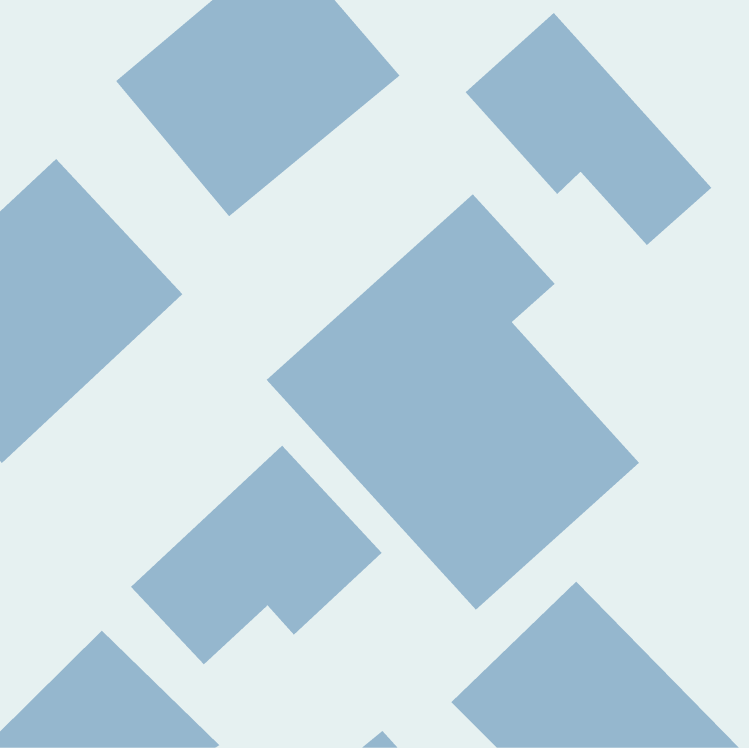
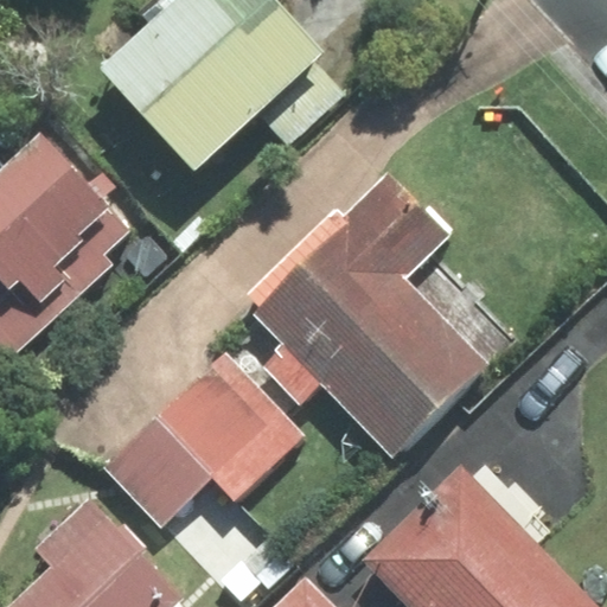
building: [465,12,712,246] -> none

